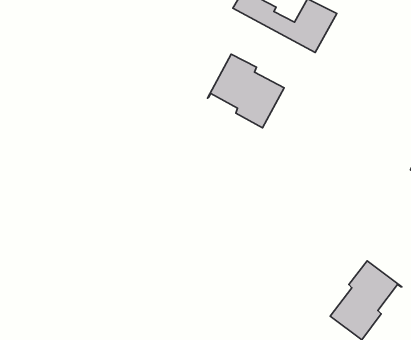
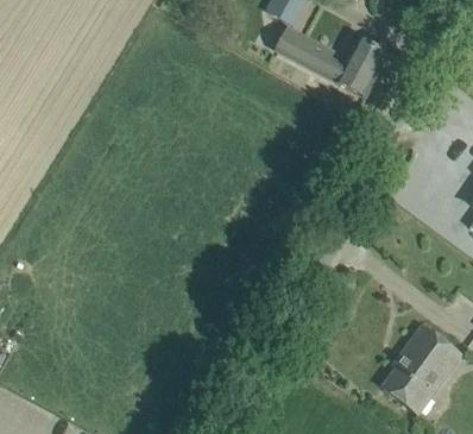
building: [207,54,284,128] -> none

